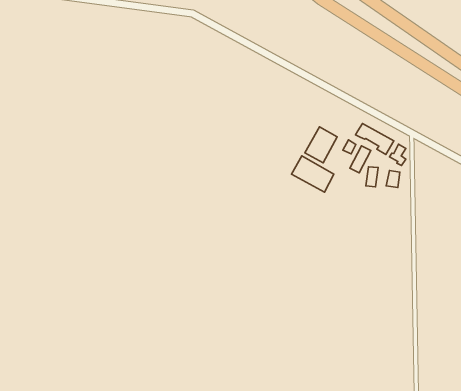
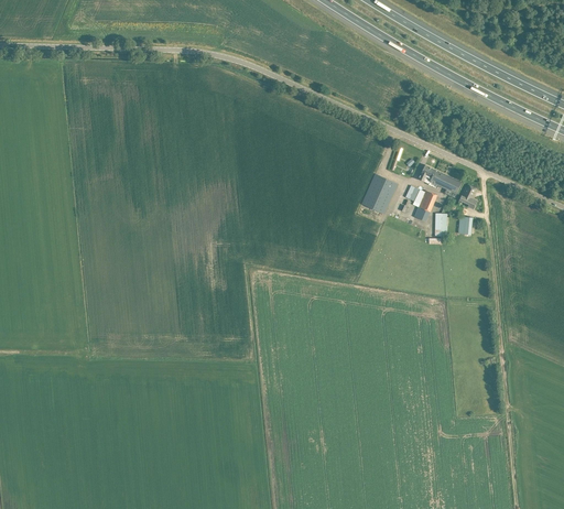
building: [291,156,334,192] -> none

